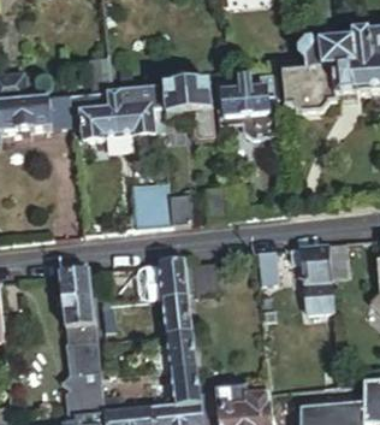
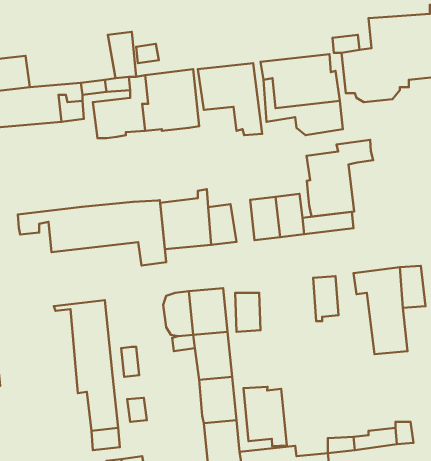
building: none -> [306,140,373,216]
building: none -> [18,200,166,265]
building: none -> [244,387,287,446]

